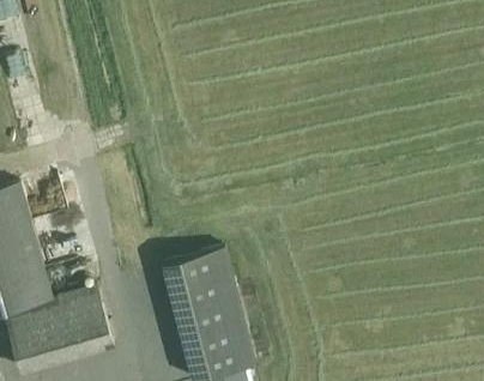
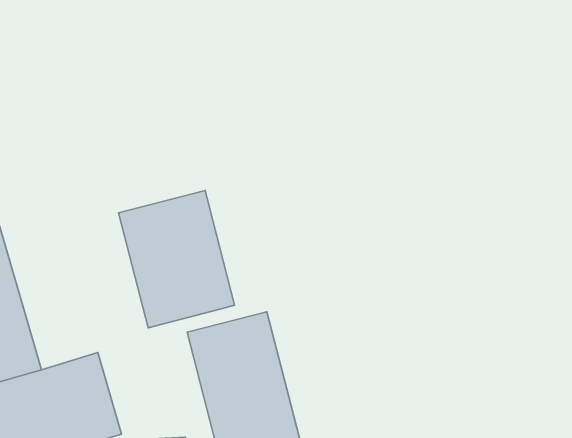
building: none -> [118,190,235,328]

